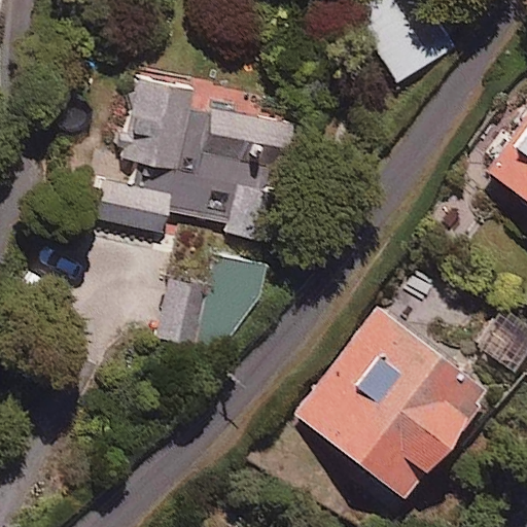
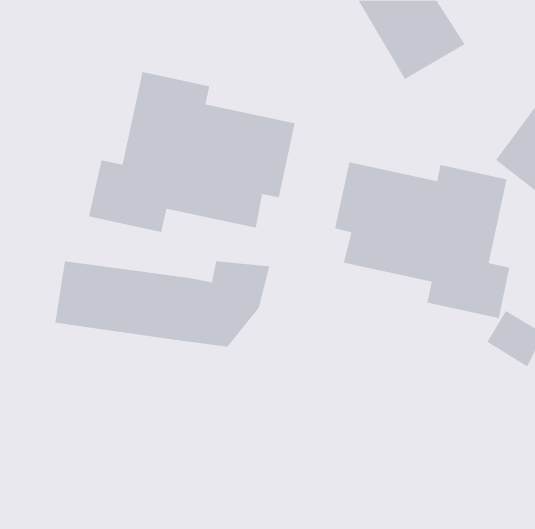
building: none -> [334,161,510,319]
building: [296,308,482,494] -> none

